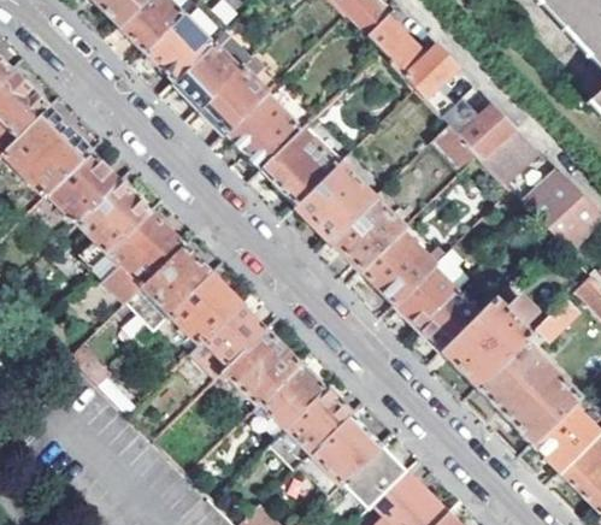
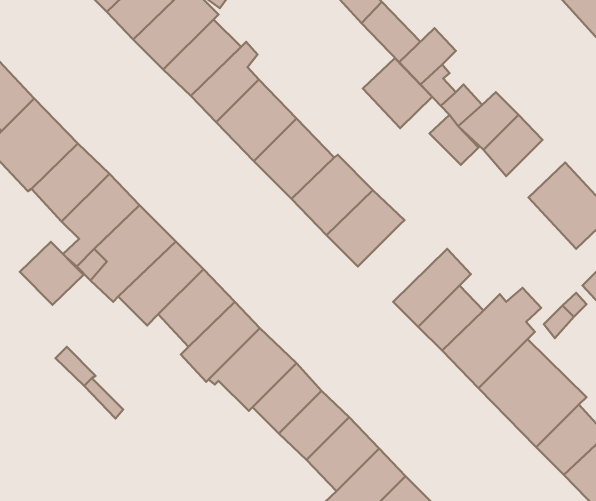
building: none -> [363,58,432,128]
building: [361,229,447,303] -> none
building: none -> [20,242,83,305]

